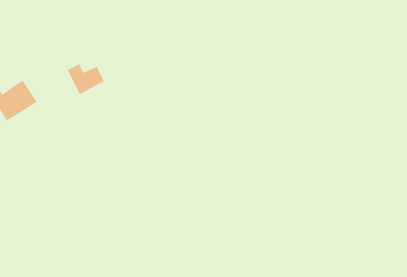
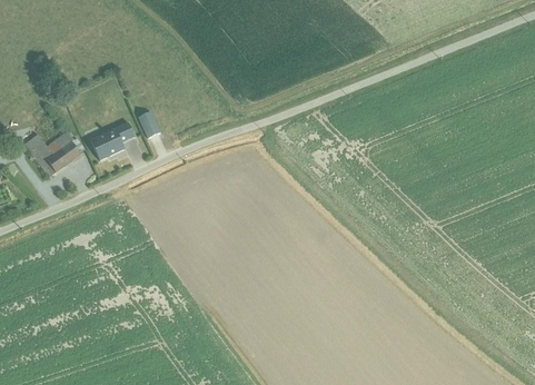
building: none -> [96,128,122,159]

